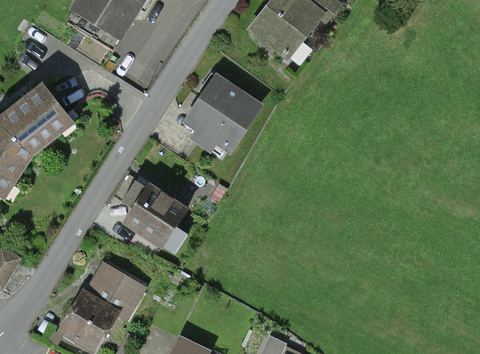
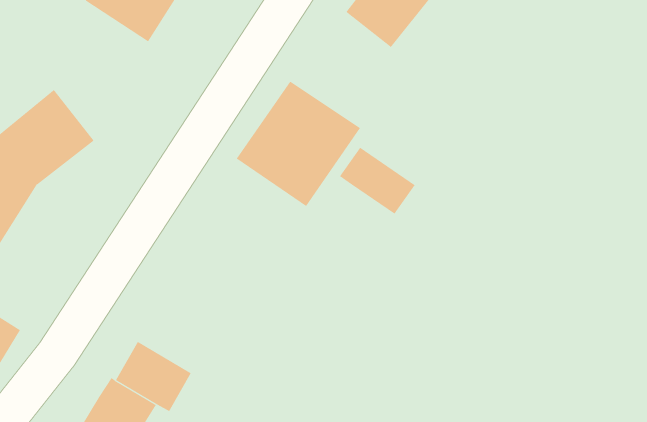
building: none -> [339,147,416,214]
building: [121,179,186,252] -> none

